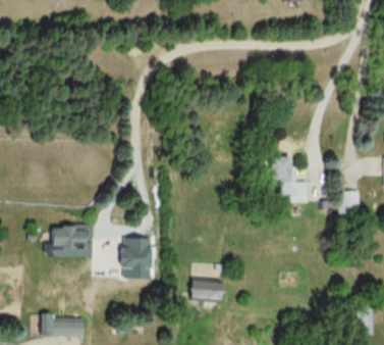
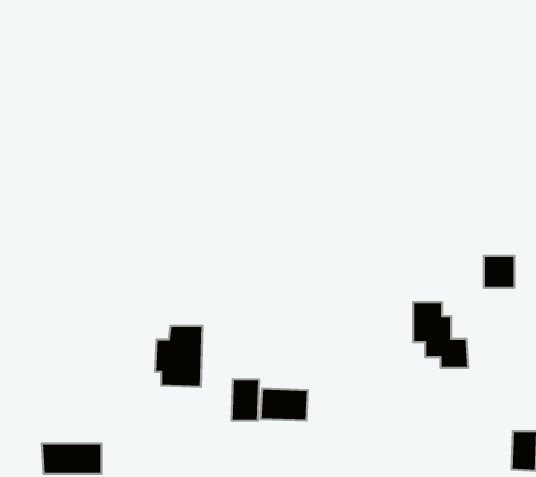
building: [271,157,308,201] -> [413,302,468,368]
building: [51,225,91,247] -> none
building: none -> [232,379,259,421]

